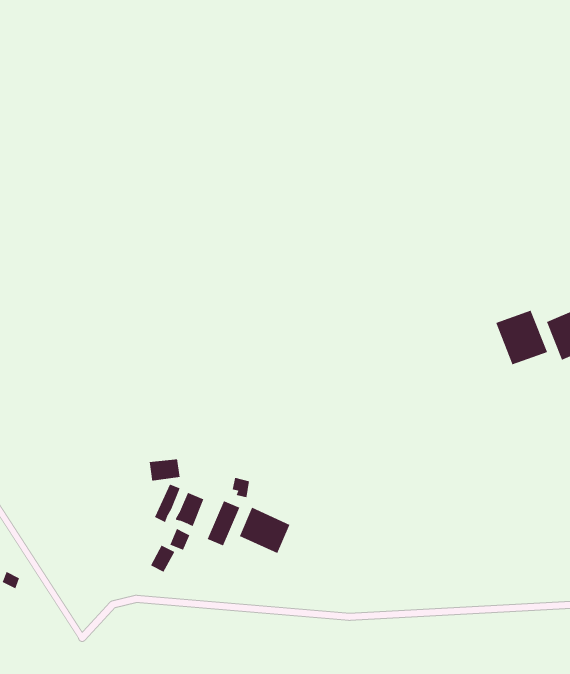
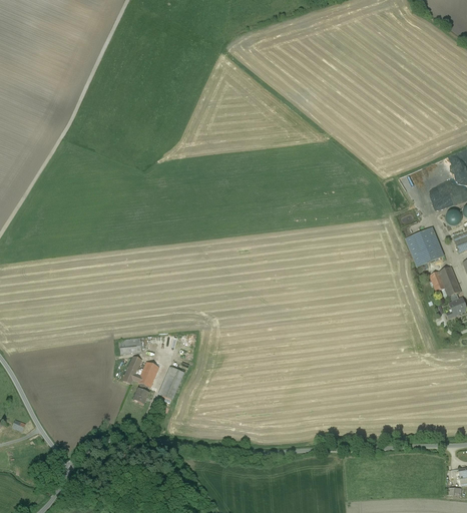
building: [495,310,548,365] -> none
building: [239,507,290,554] -> none

